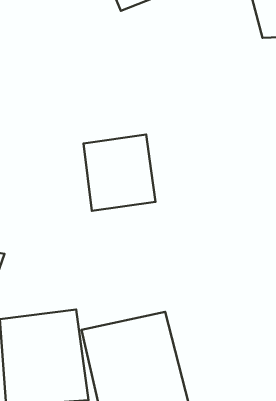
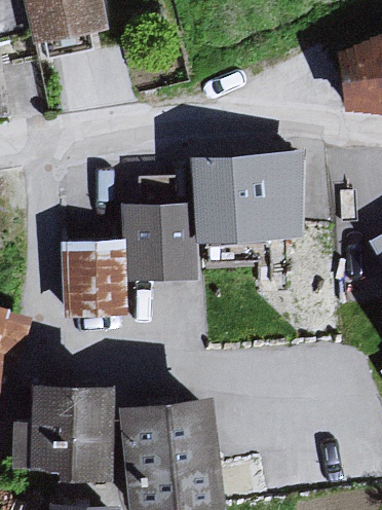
building: none -> [193,152,309,245]
building: none -> [65,223,128,300]

